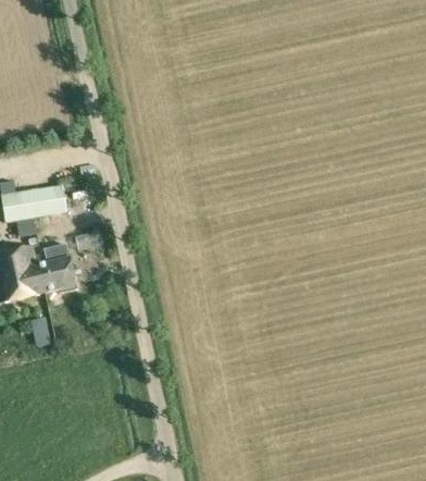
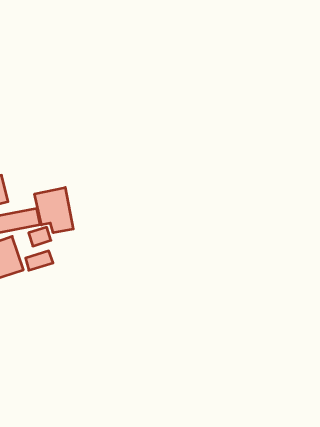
building: none -> [35,187,73,233]

